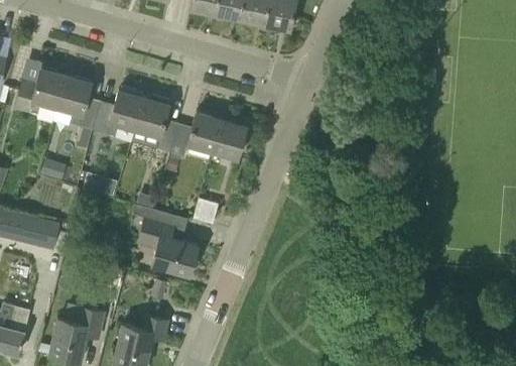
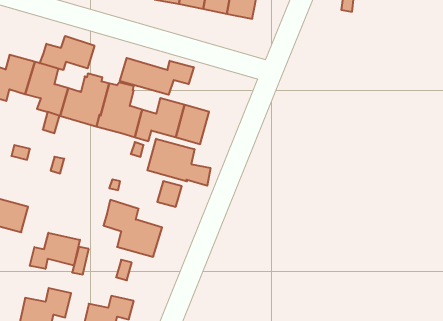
building: none -> [40,36,94,70]
building: none -> [120,58,194,95]
building: none -> [147,139,210,186]
building: none -> [30,233,80,269]

